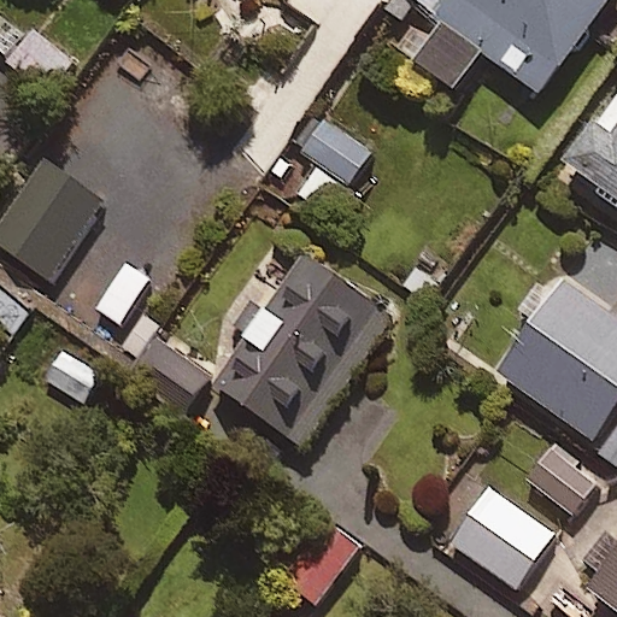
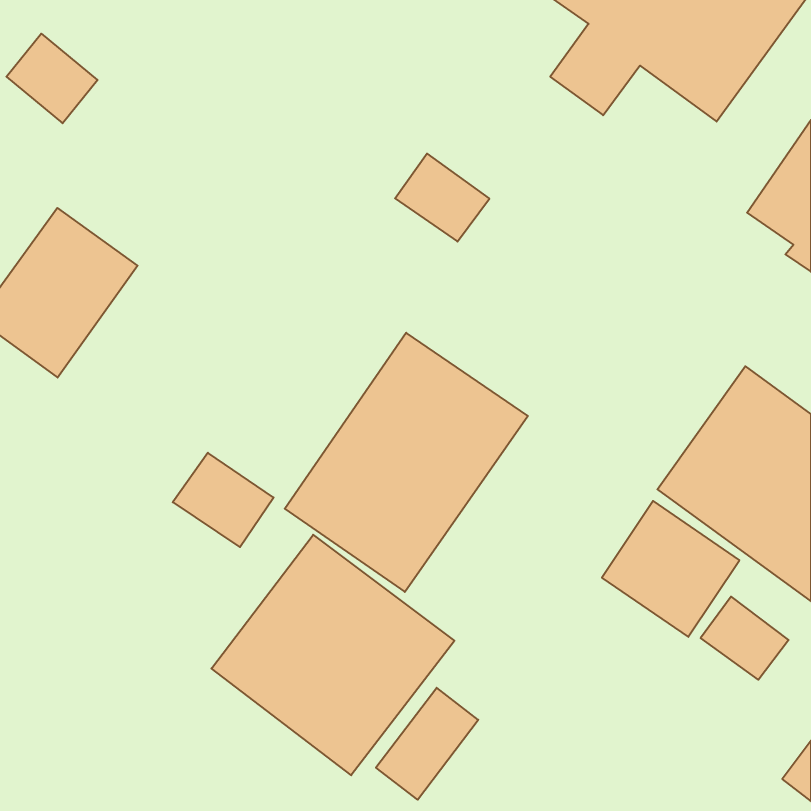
building: none -> [211,535,454,775]
building: [448,486,552,588] -> [602,501,739,637]

